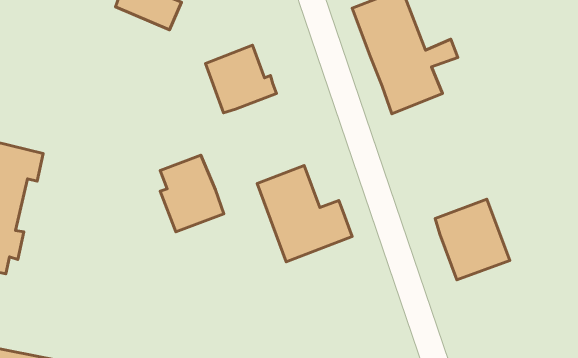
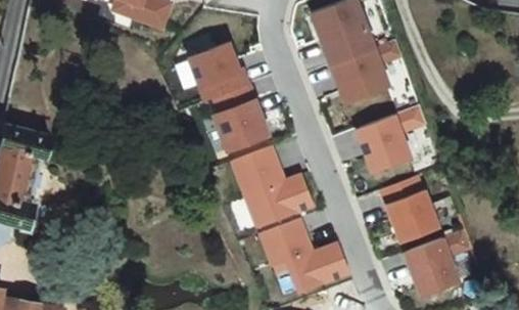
building: none -> [357,103,427,170]
building: [160,155,224,232] -> [214,84,268,149]
building: none -> [257,218,351,293]
building: none -> [406,230,470,295]

